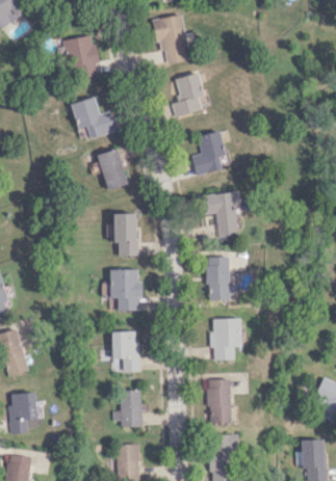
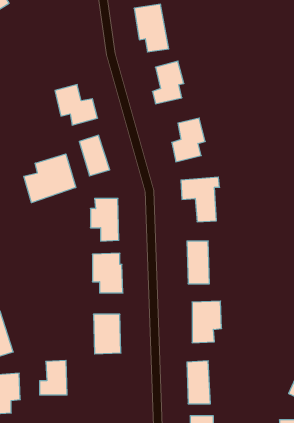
building: [66,34,100,82] -> none
building: none -> [24,154,76,203]
building: [113,390,141,425] -> [40,360,67,395]

